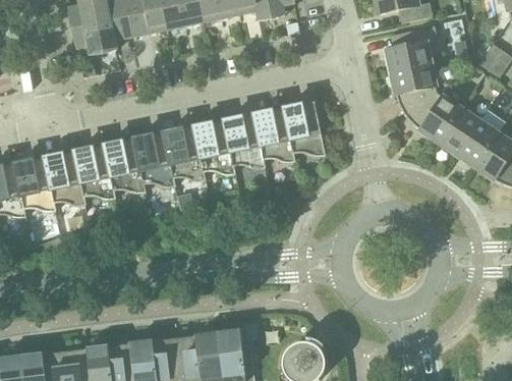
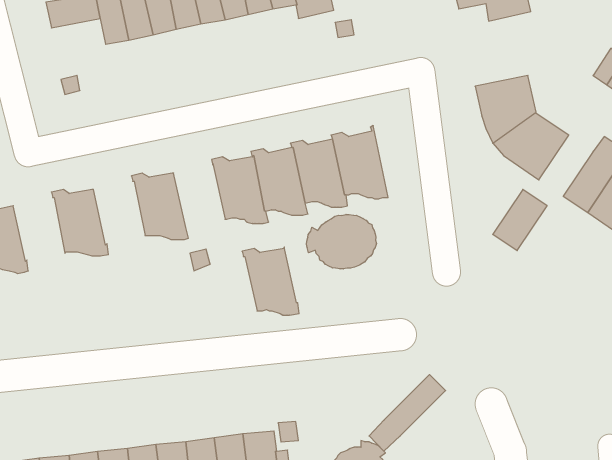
building: [72,19,115,54] -> none
building: [385,24,437,70] -> none
building: [438,107,478,153] -> [493,189,547,251]
building: [162,128,205,179] -> [242,247,299,315]
building: [103,142,146,192] -> none
building: [43,154,86,205] -> none
building: none -> [306,214,376,269]
building: none -> [369,375,446,451]

